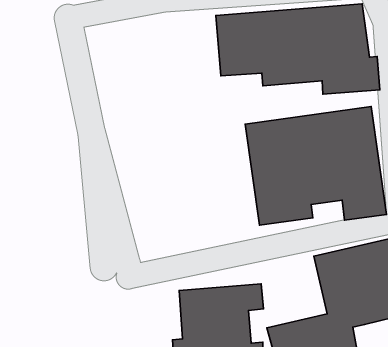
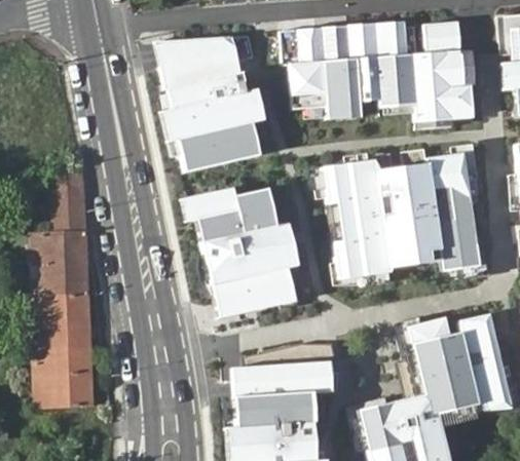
building: none -> [152,25,272,176]
building: none -> [34,174,92,408]
building: none -> [184,179,297,329]

